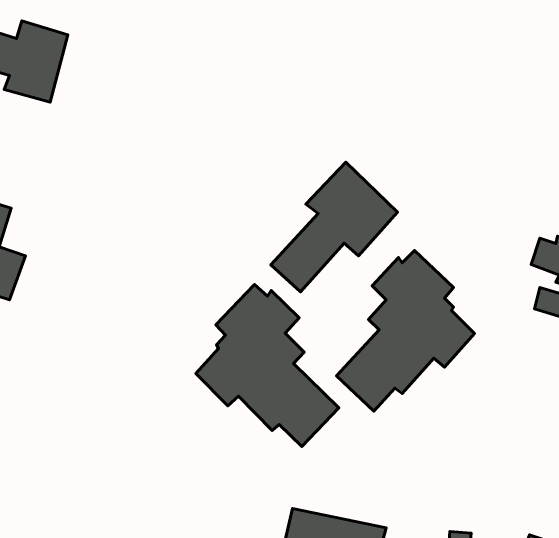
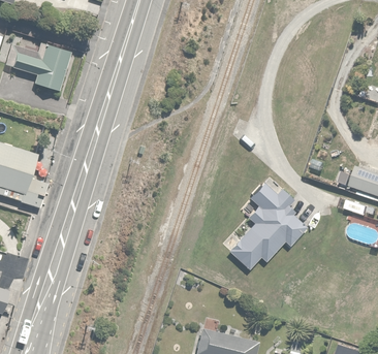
building: [271,162,398,292] -> none
building: [196,284,339,447] -> none

